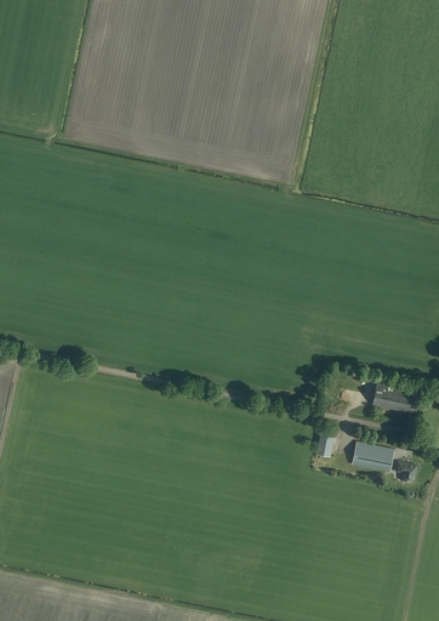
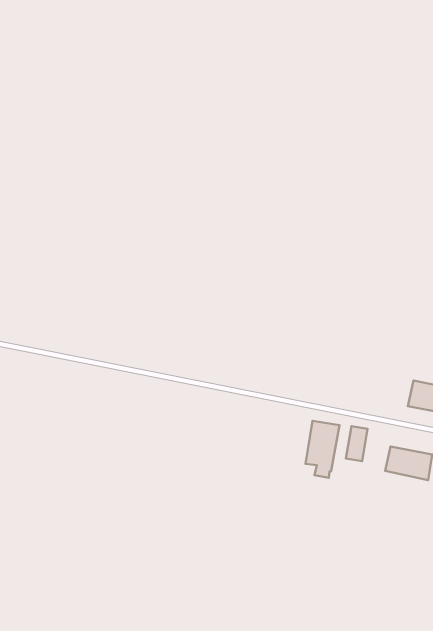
building: none -> [305,421,339,478]

